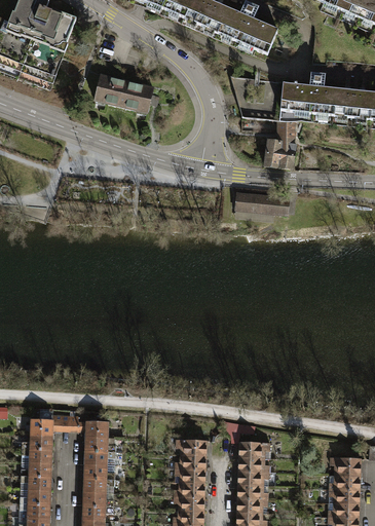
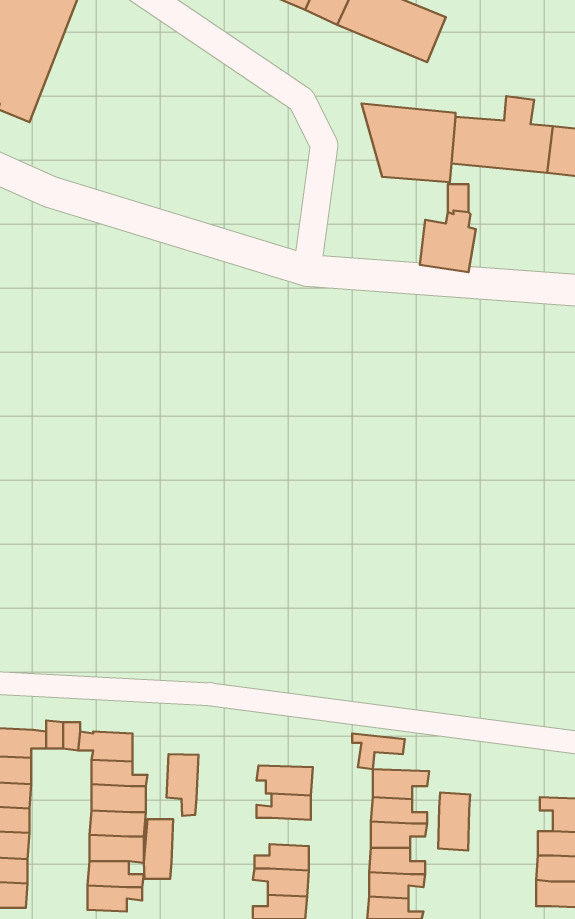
building: [97,75,155,110] -> none
building: [236,192,291,214] -> none
building: none -> [167,754,199,816]
building: none -> [438,793,470,850]
building: [175,467,205,483] -> none
building: none -> [144,819,173,879]

